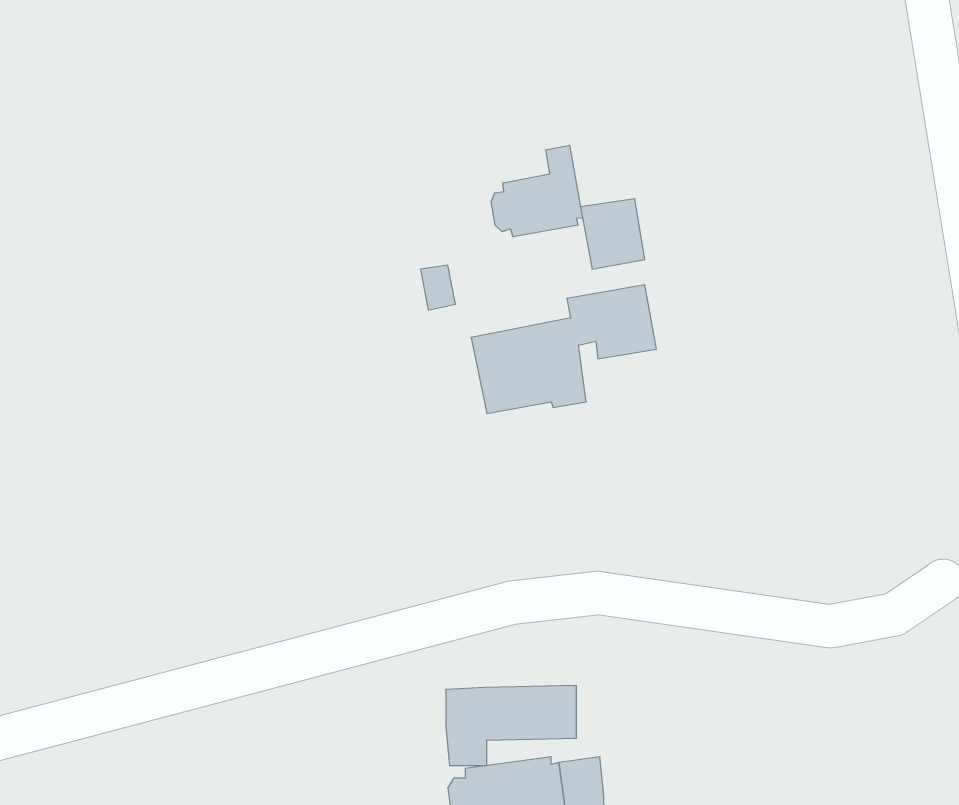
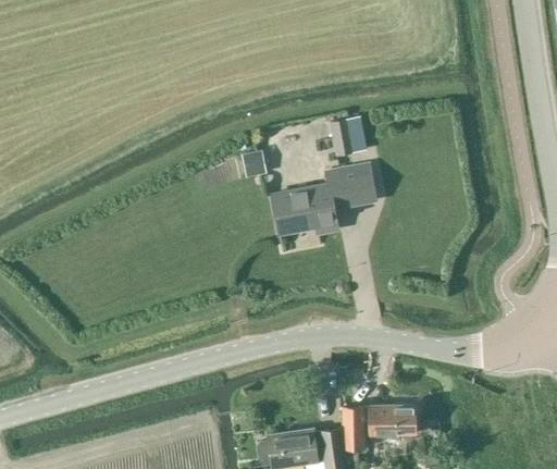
building: [491,145,582,237] -> none
building: [446,686,576,765] -> [343,405,416,449]

